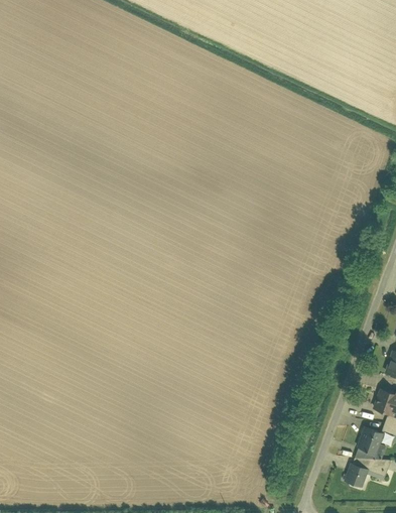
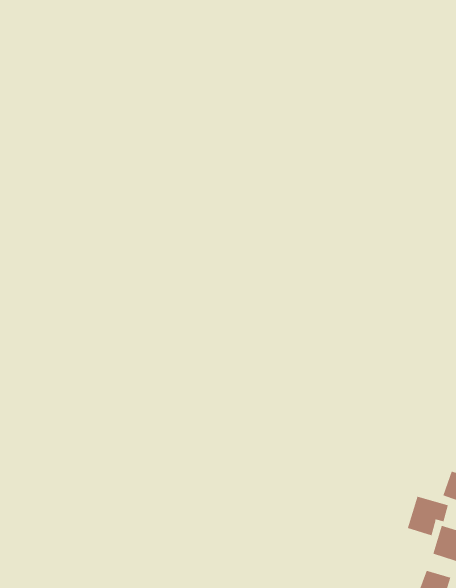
building: none -> [407,496,449,536]

